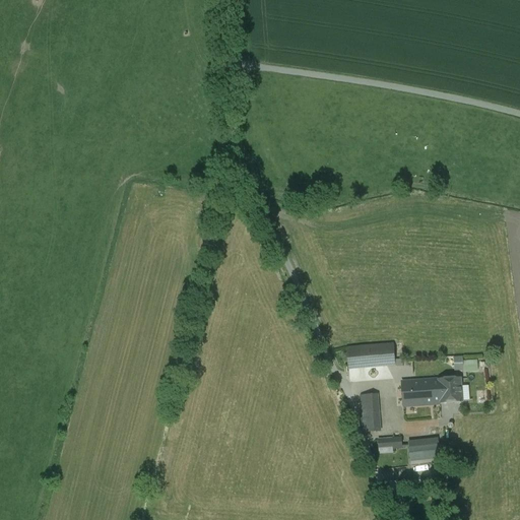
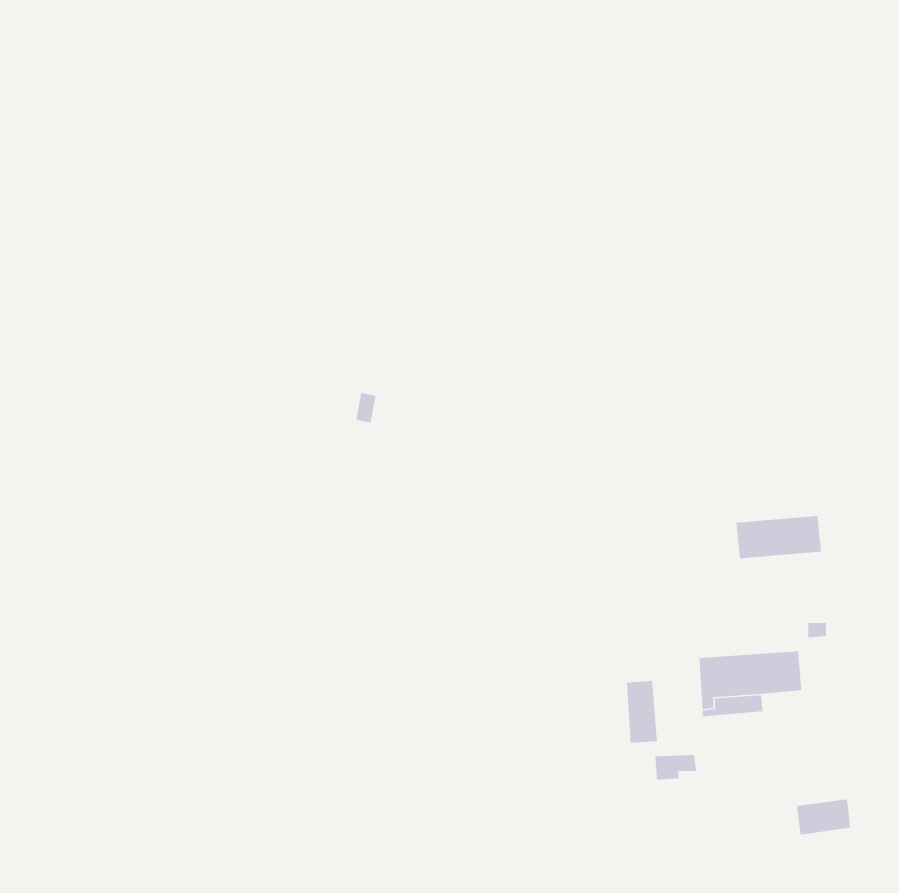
building: [346,341,396,367] -> [736,515,822,559]
building: [408,437,440,458] -> [796,798,851,835]

